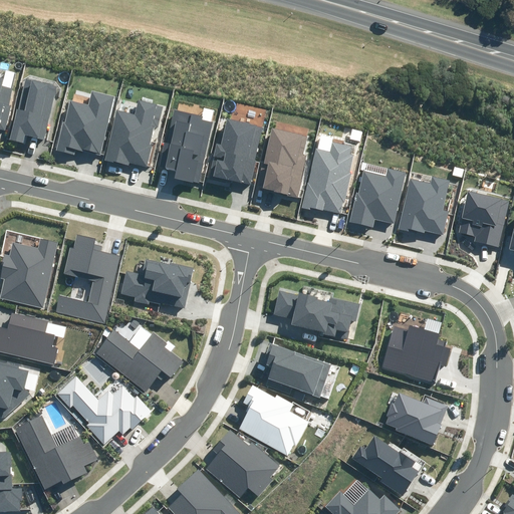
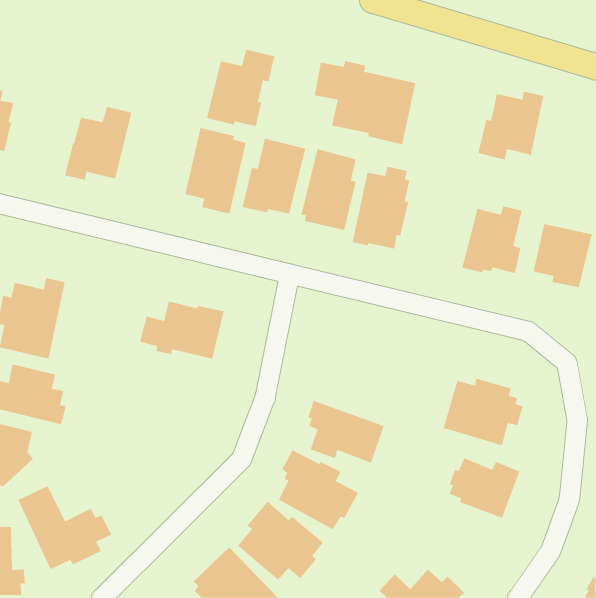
building: none -> [314,60,416,145]
building: [9,78,56,143] -> none
building: [103,100,163,167] -> [206,49,275,126]
building: [347,169,405,228] -> [478,91,544,160]
building: [55,234,120,324] -> none
building: [272,290,359,339] -> none
building: [95,329,184,390] -> none
building: [57,376,151,445] -> none
building: [350,435,422,496] -> none

